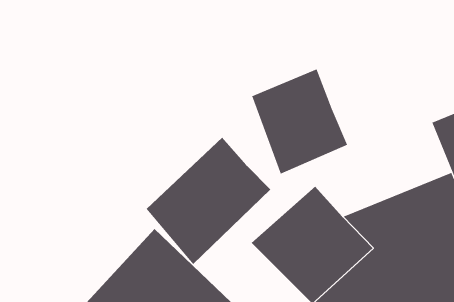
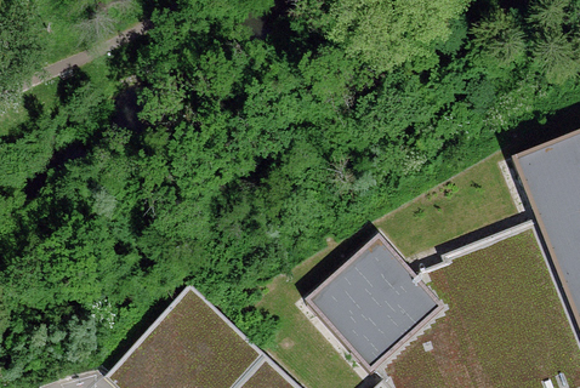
building: [251,69,348,175] -> none
building: [146,137,271,265] -> none

